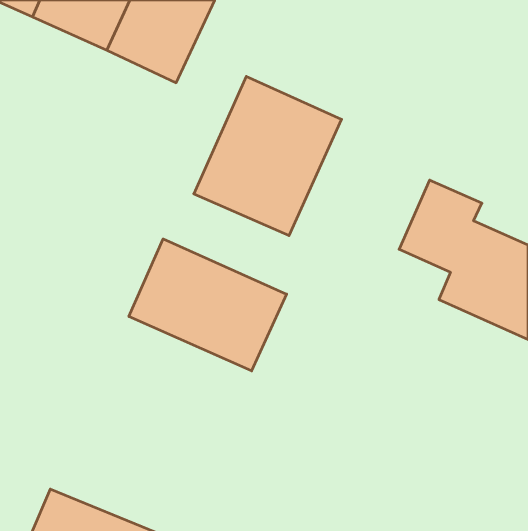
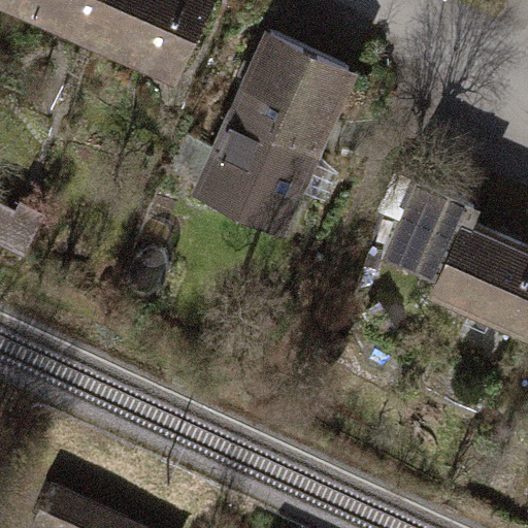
building: none -> [242,29,359,122]
building: [129,239,287,371] -> none

